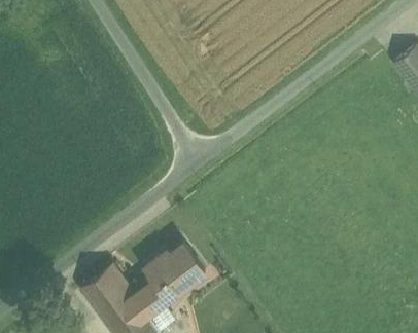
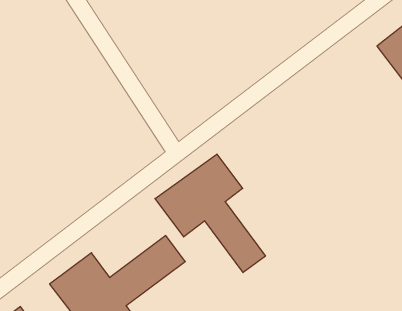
building: none -> [155,154,265,273]

